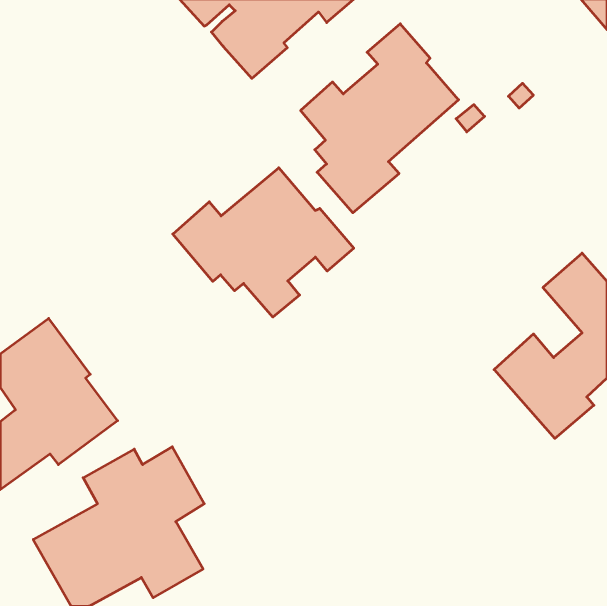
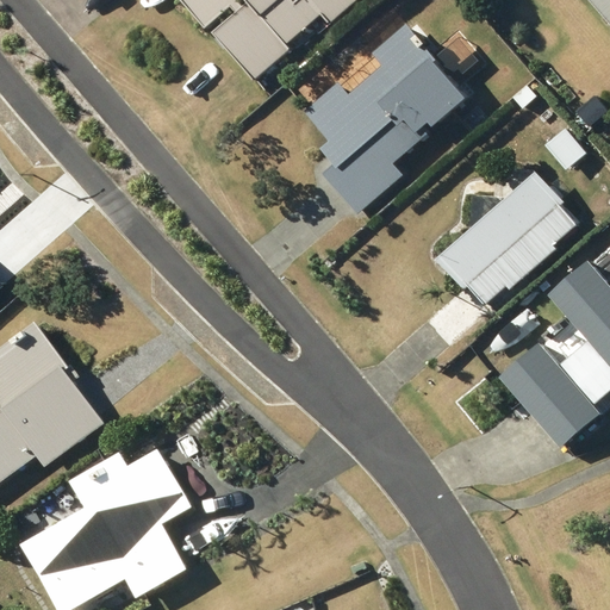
building: [173,168,354,317] -> none
building: none -> [432,172,573,306]

